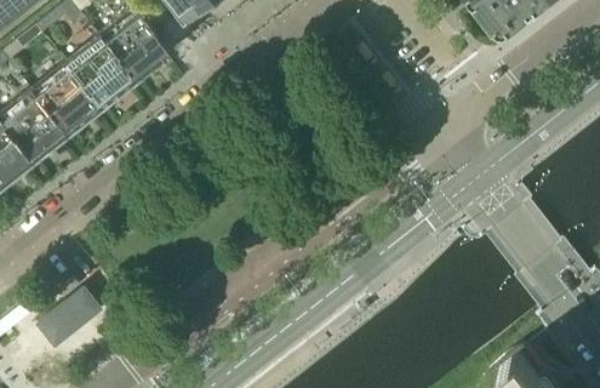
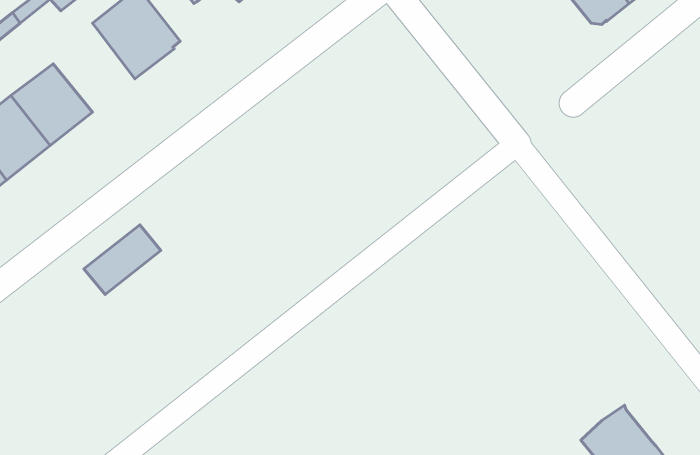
building: [64,42,130,109] -> none
building: [35,292,97,348] -> [84,225,161,294]

